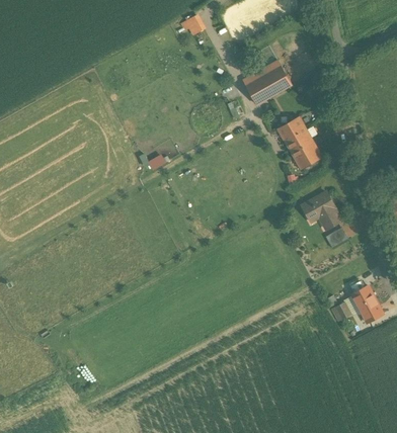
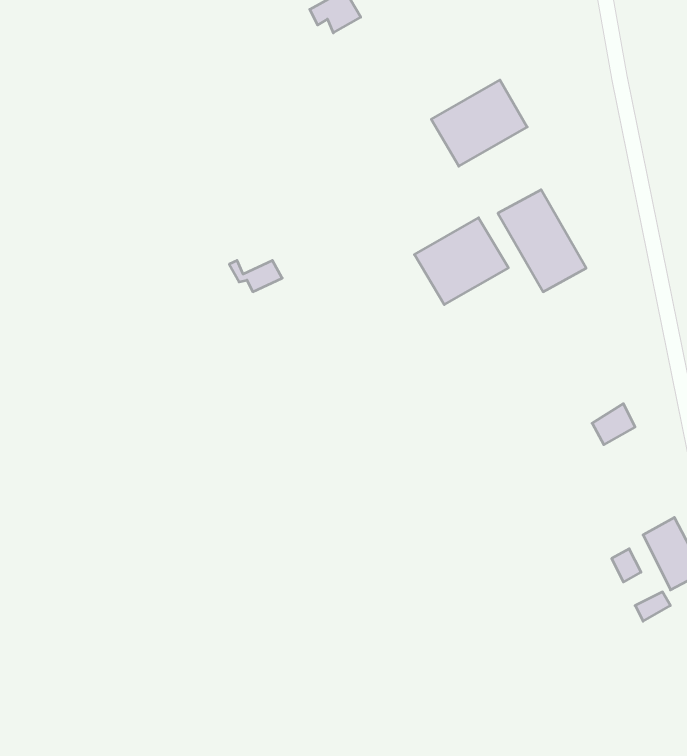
building: none -> [414,218,508,305]
building: [301,193,341,231] -> none

